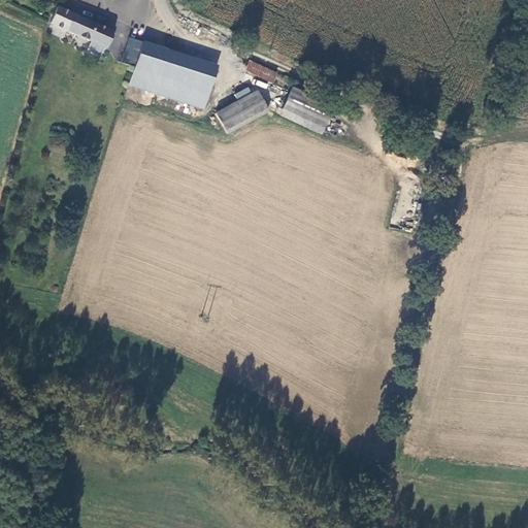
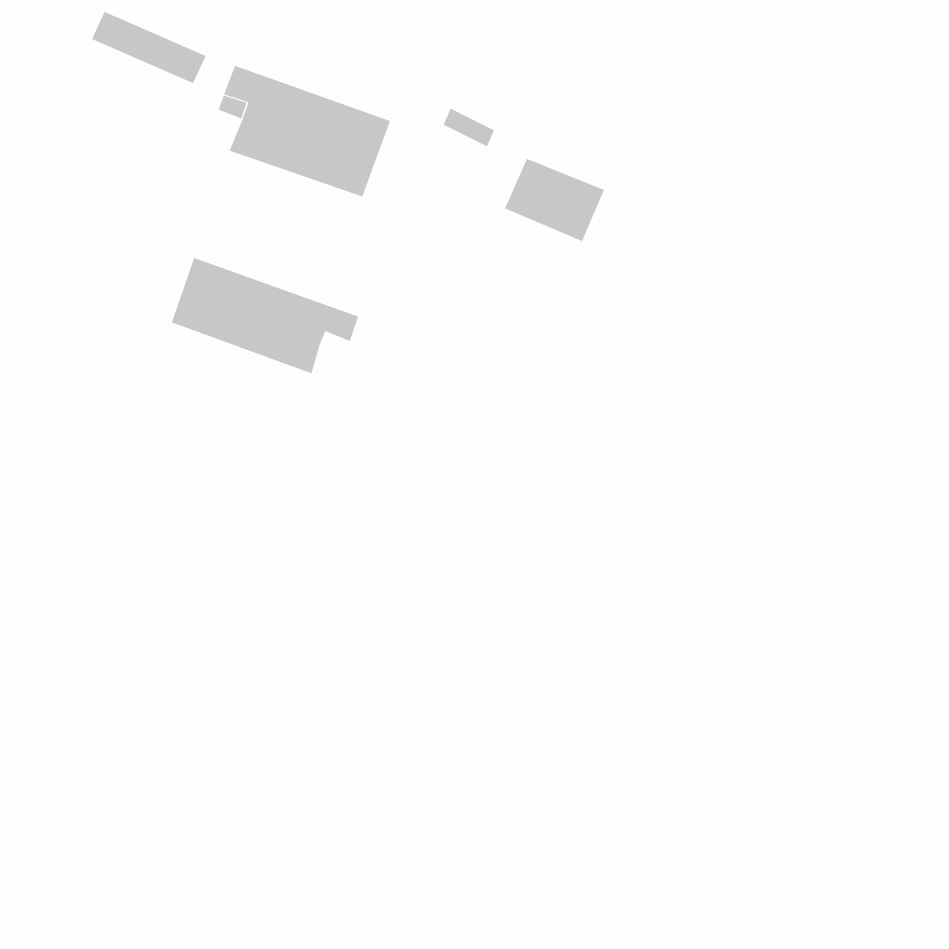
building: [217,90,268,133] -> none
building: none -> [171,257,359,374]

